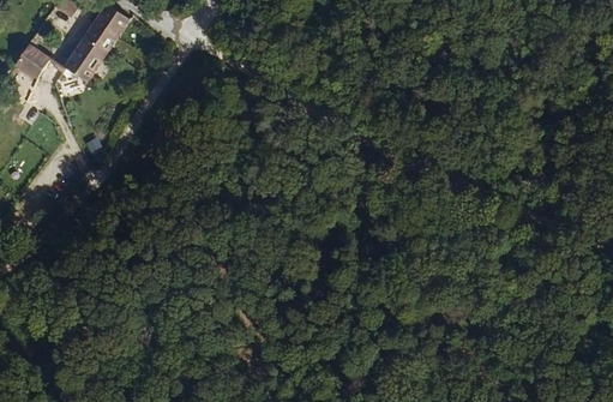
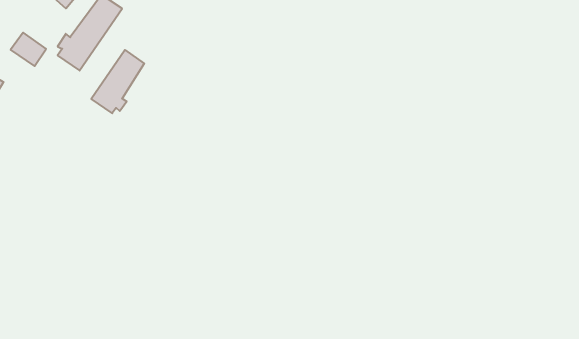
building: none -> [91,50,144,113]

